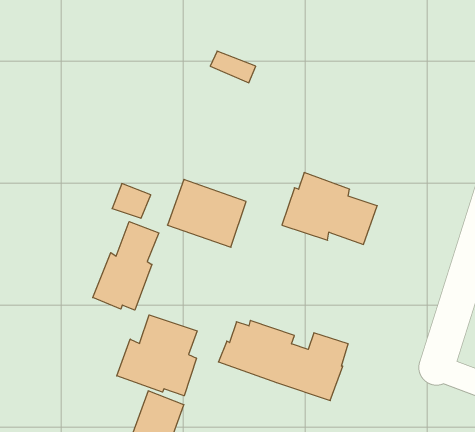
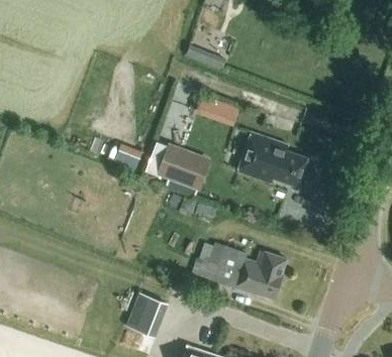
building: [93,222,159,310] -> none
building: [117,315,197,396] -> none

